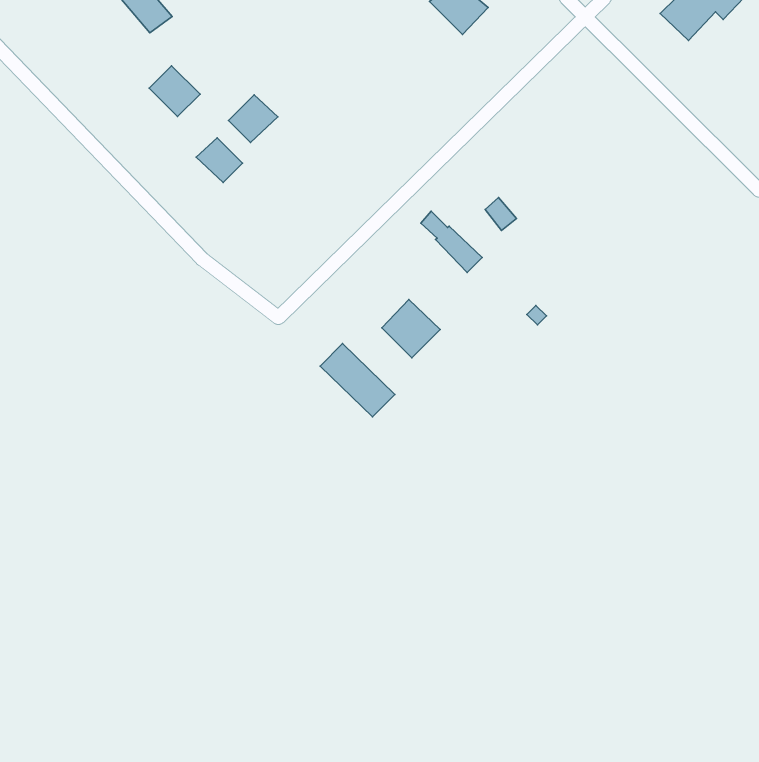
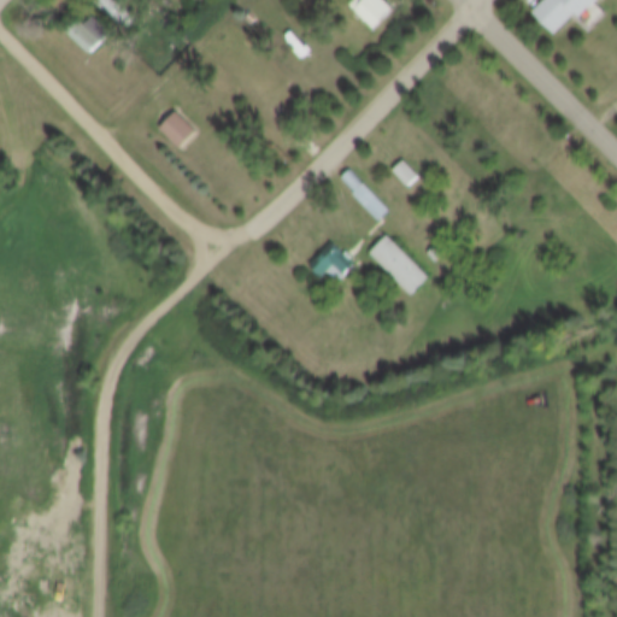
building: [149,66,200,117] -> [67,12,108,53]
building: [229,95,278,142] -> none
building: [320,344,395,417] -> [368,235,428,294]

